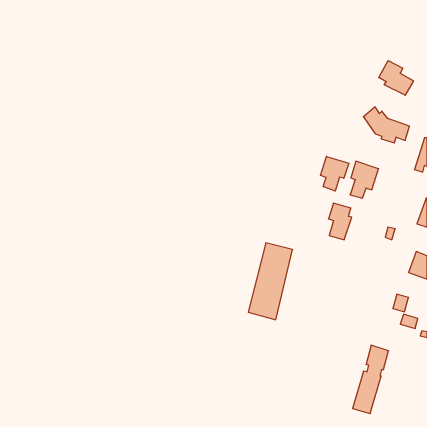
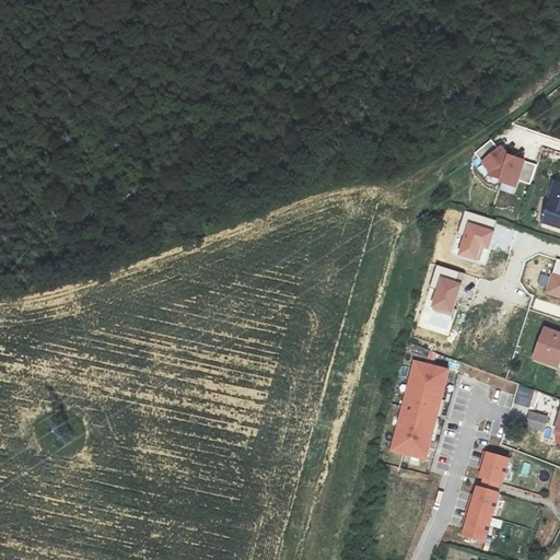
building: [379,61,413,95] -> none
building: [321,156,349,191] -> none
building: [248,243,293,320] -> [390,360,448,460]

